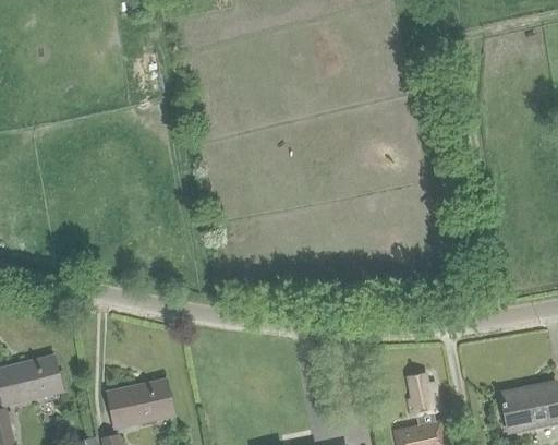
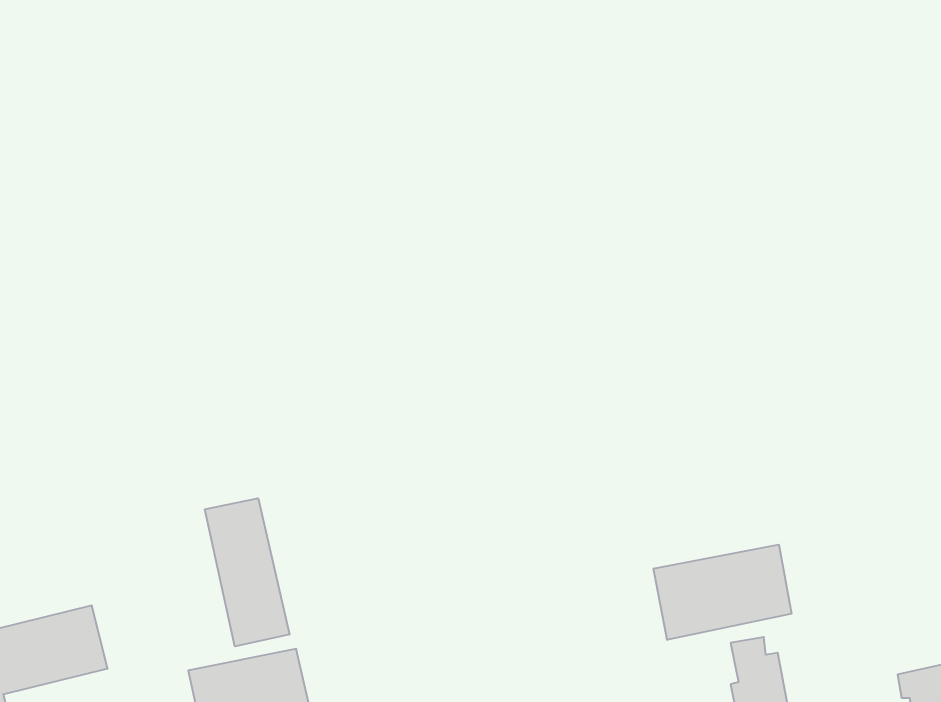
building: none -> [205,498,289,646]
building: none -> [654,545,792,640]

